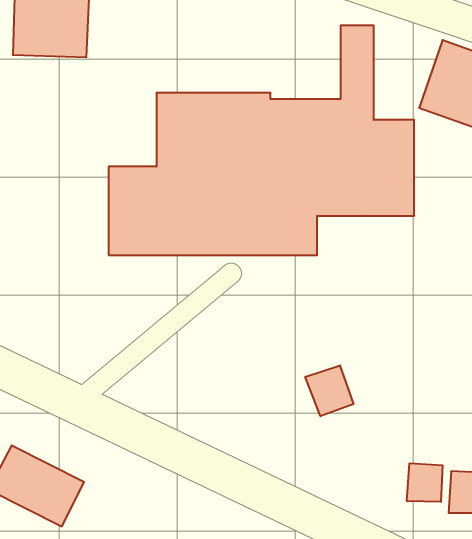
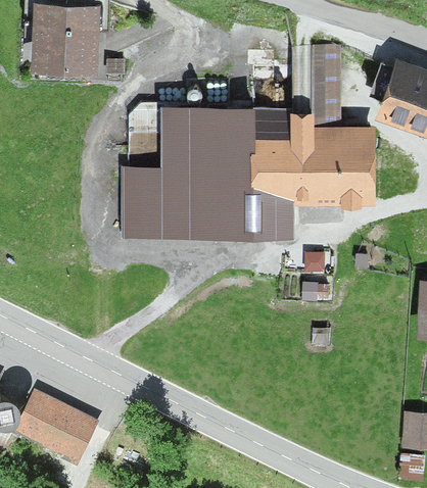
building: [305,365,353,416] -> none
building: [407,463,442,502] -> none

